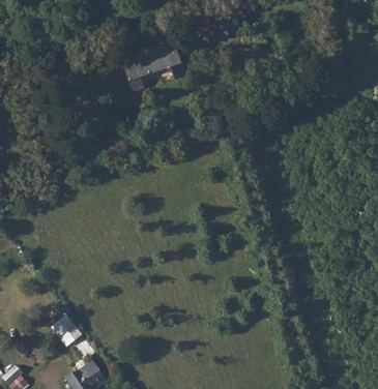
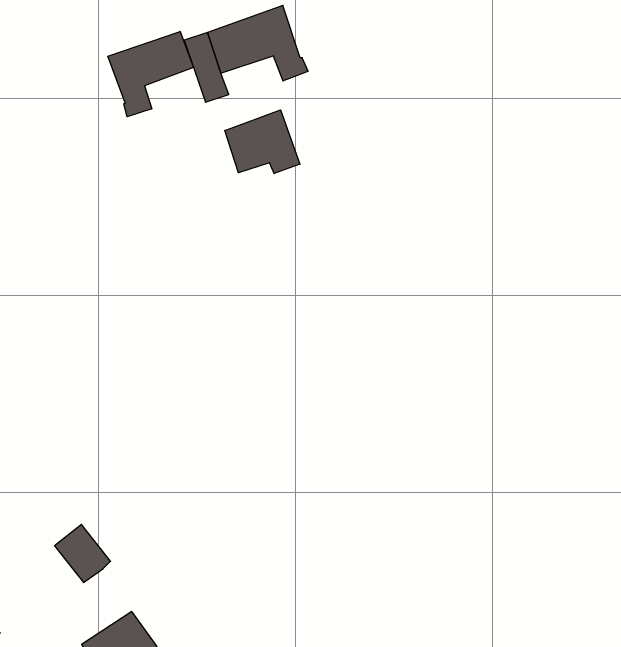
building: none -> [108,31,194,117]
building: none -> [225,110,300,174]

